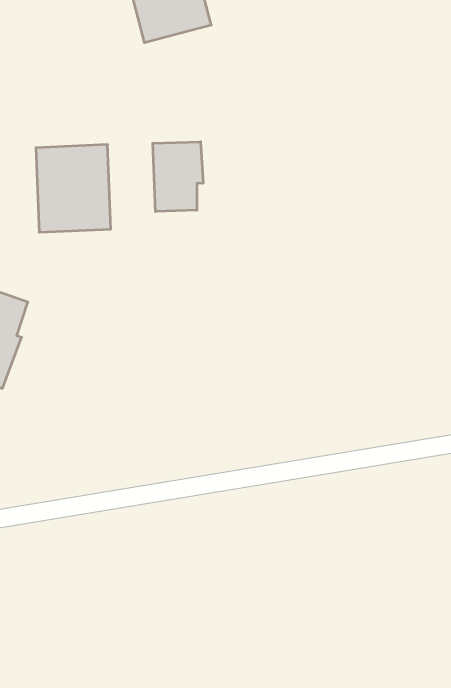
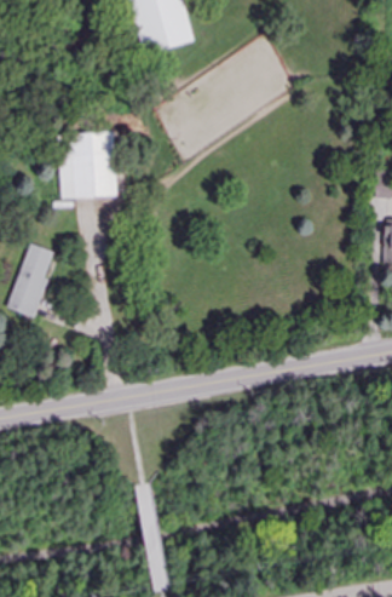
building: [153,142,203,212] -> none

